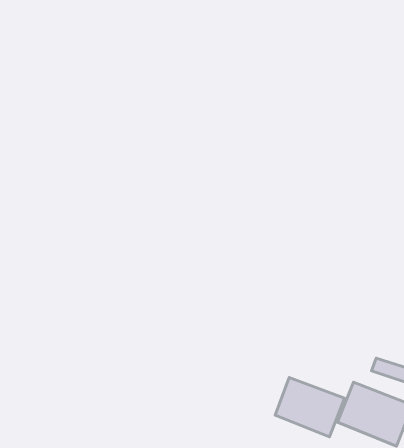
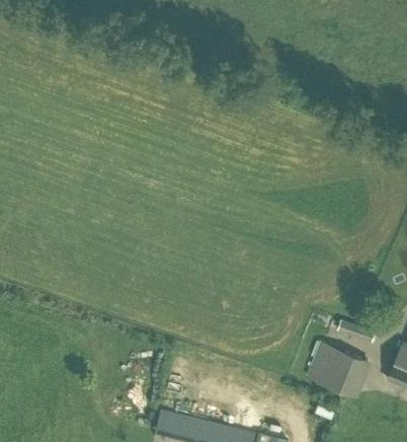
building: [275,378,344,437] -> none

